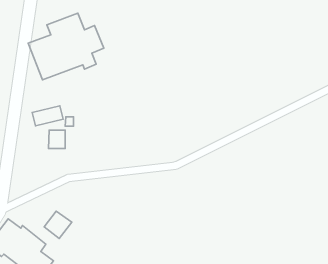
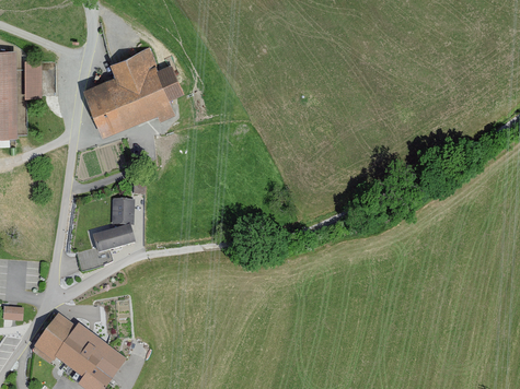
building: [32,106,63,126] -> [95,225,136,251]
building: [44,211,72,238] -> none

